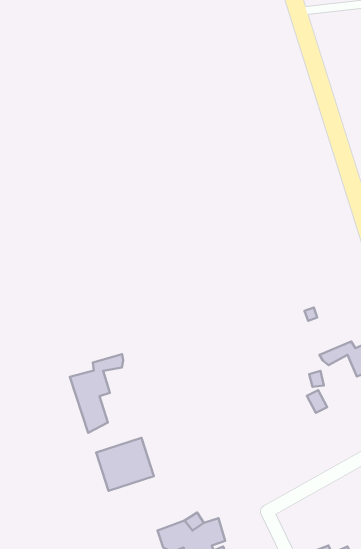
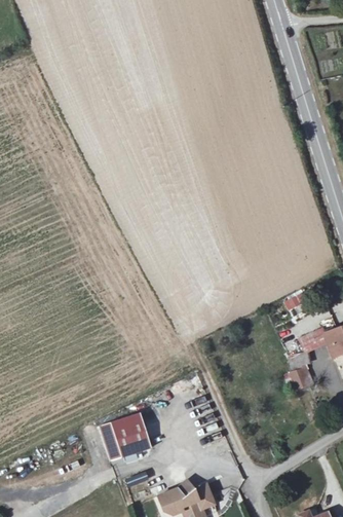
building: [70,354,123,433] -> none

